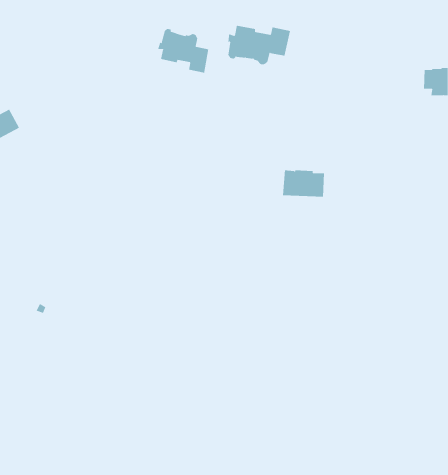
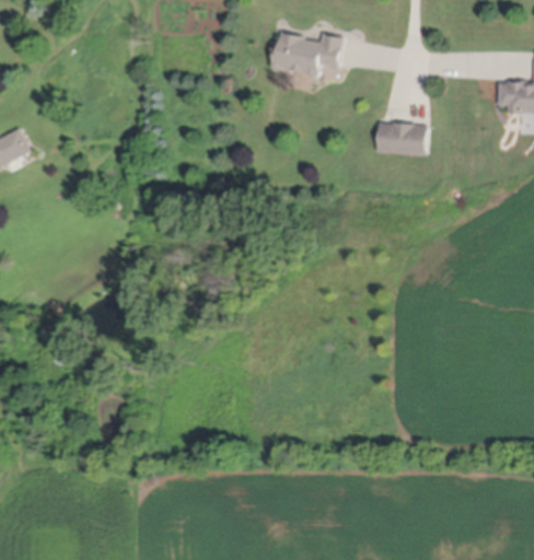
building: [158,28,209,73] -> none
building: [282,170,325,197] -> [376,124,426,155]

